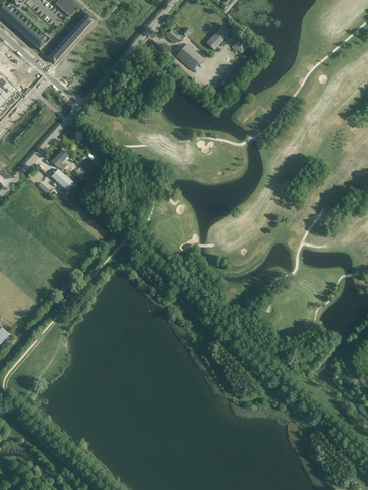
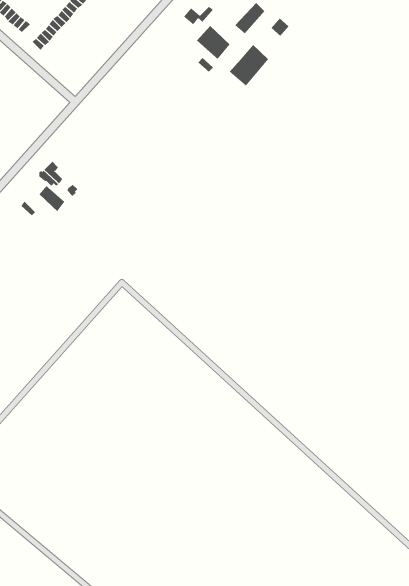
building: none -> [229,44,269,86]

